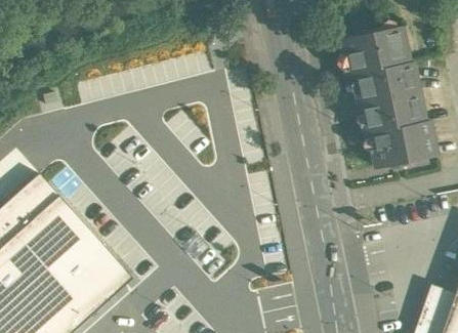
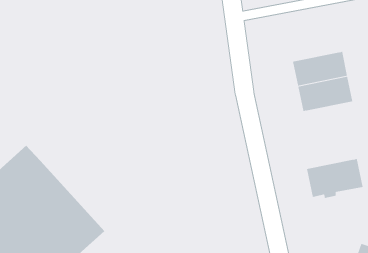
building: [341,30,409,78] -> none
building: [368,123,435,170] -> [306,158,363,198]

